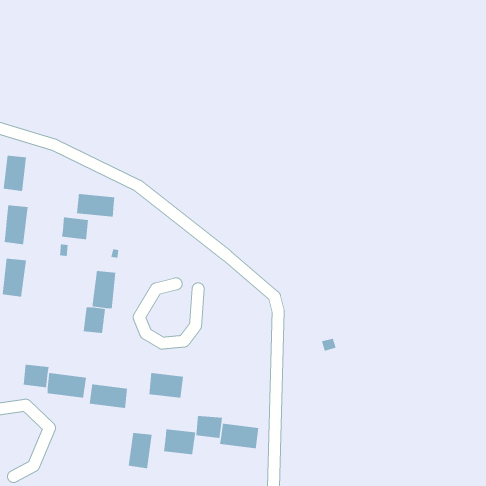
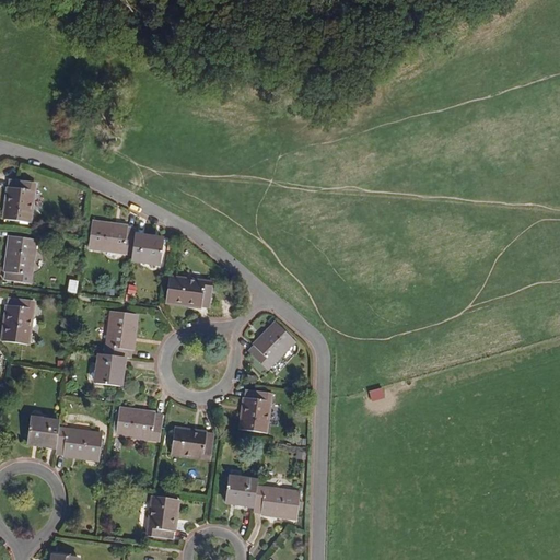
building: [61,217,89,240] -> [130,235,162,261]
building: none -> [167,277,211,305]
building: none -> [249,322,293,366]
building: none -> [241,388,270,431]
building: [89,384,128,409] -> [116,409,161,438]
building: [164,428,196,455] -> none

